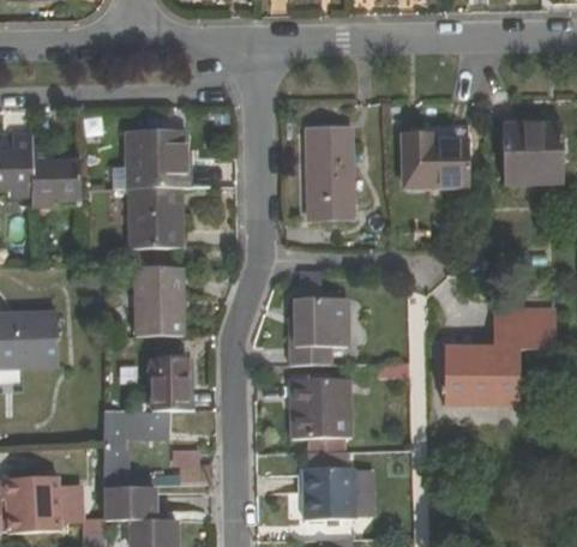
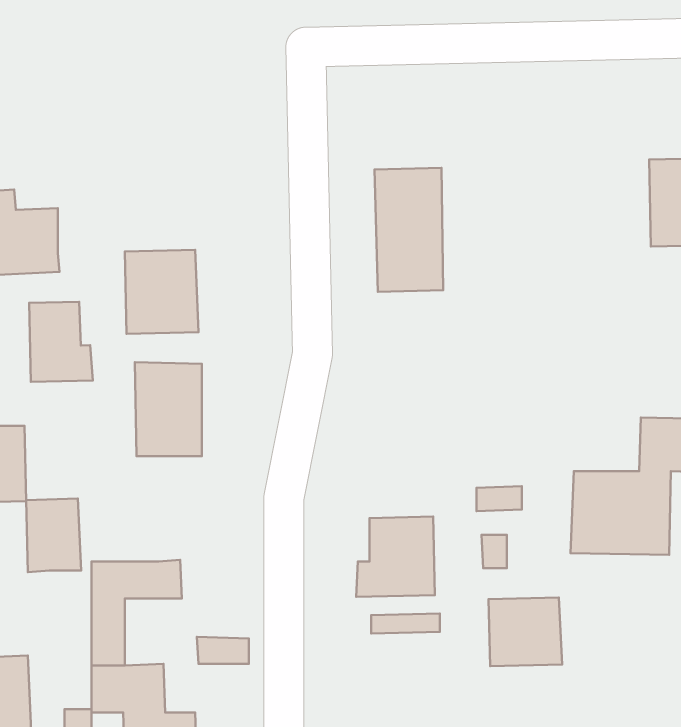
building: [403,130,469,187] -> none
building: [125,133,181,188] -> none
building: none -> [29,302,93,382]
building: [288,299,348,365] -> none
building: [150,357,190,410] -> [26,498,81,572]
building: [302,468,355,517] -> [488,598,562,666]

